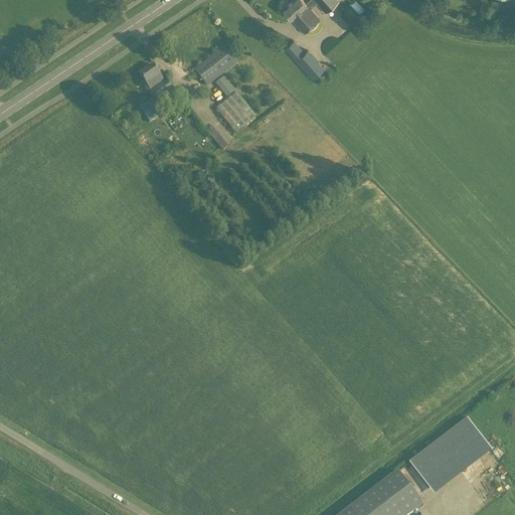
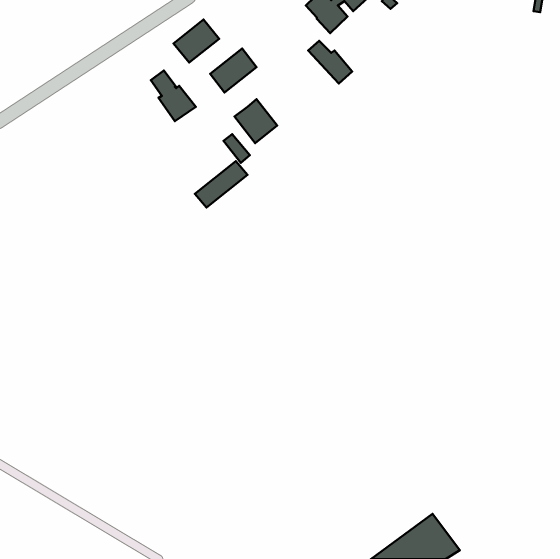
building: none -> [174,20,219,63]
building: none -> [195,161,247,208]
building: [409,416,493,493] -> none

